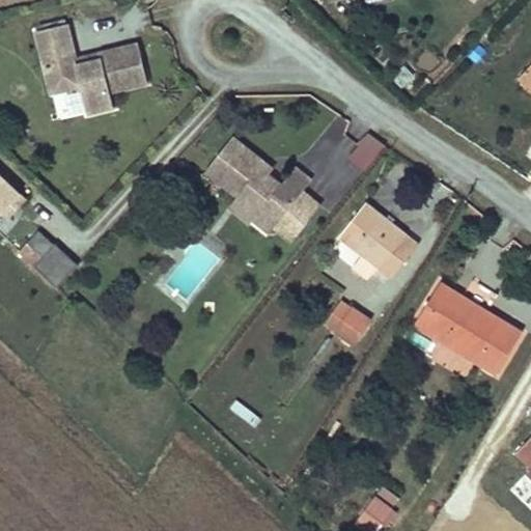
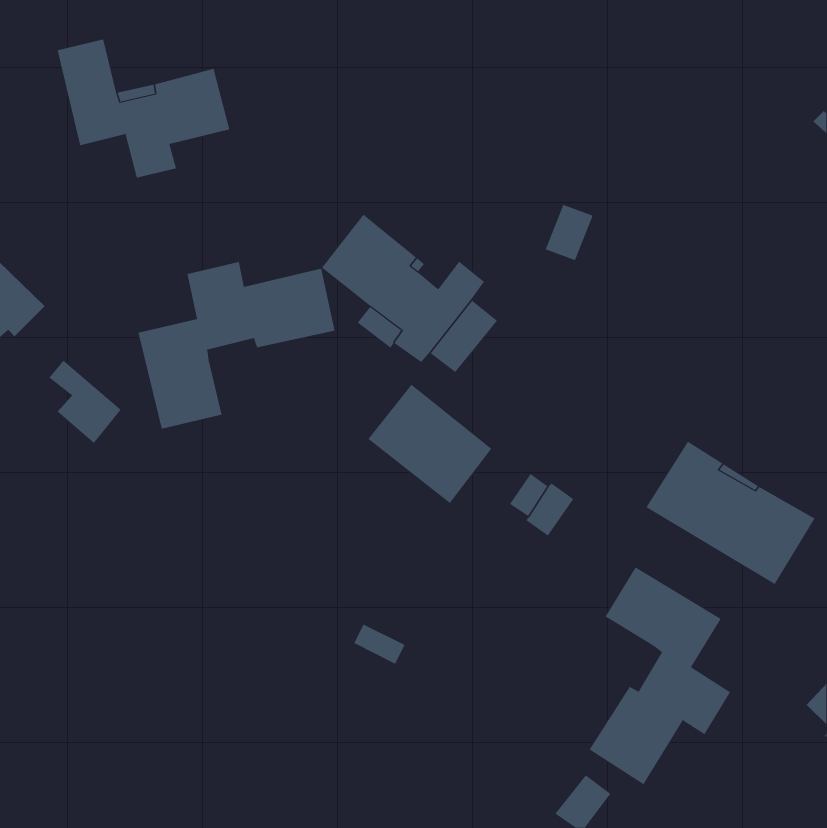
building: none -> [138,261,335,429]
building: [338,202,418,279] -> [367,384,492,504]
building: none -> [589,566,731,785]

